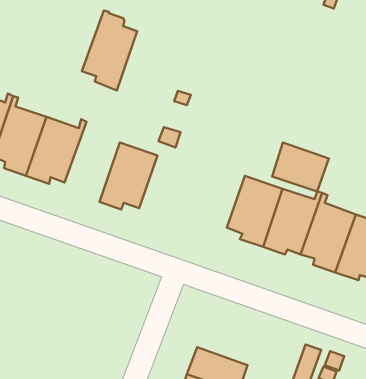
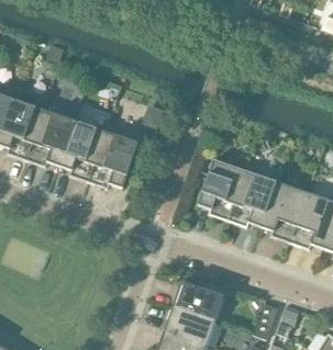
building: [82,11,137,90] -> [59,113,107,181]
building: [272,143,329,191] -> none
building: none -> [173,280,224,320]

